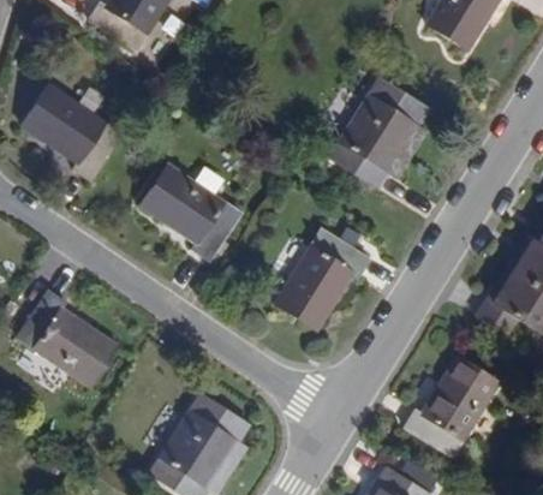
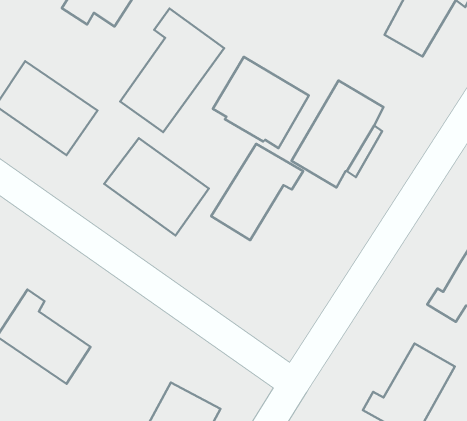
building: none -> [120,8,224,132]
building: none -> [213,57,309,148]
building: [275,219,371,320] -> [211,144,303,240]

